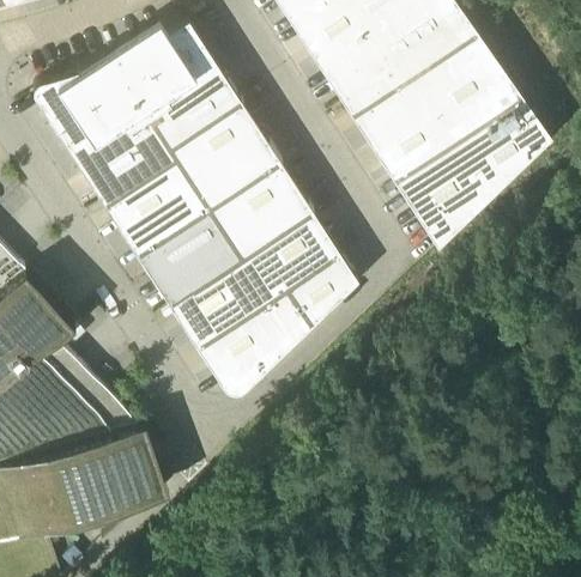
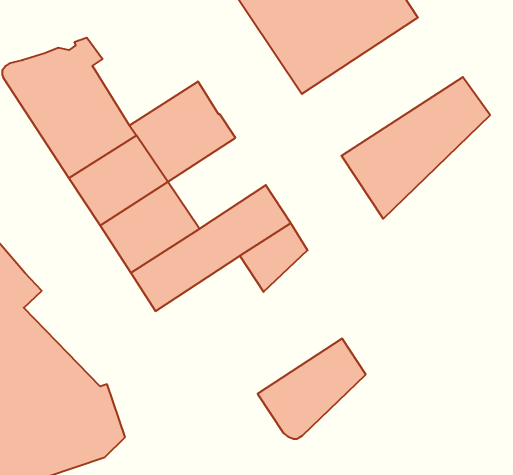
building: [122,19,241,147] -> none
building: [351,32,522,180] -> none
building: [208,160,313,257] -> none
building: [195,286,310,393] -> [258,339,366,439]

